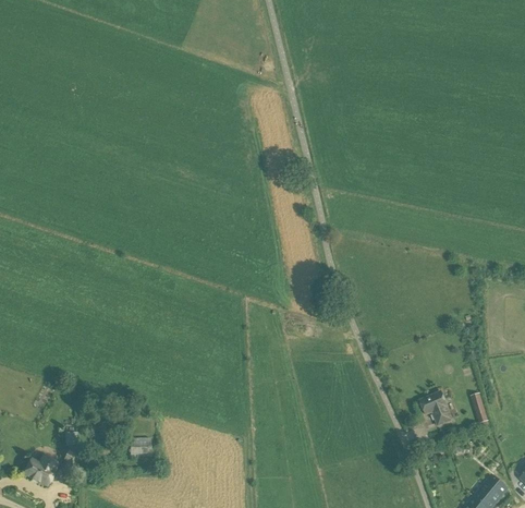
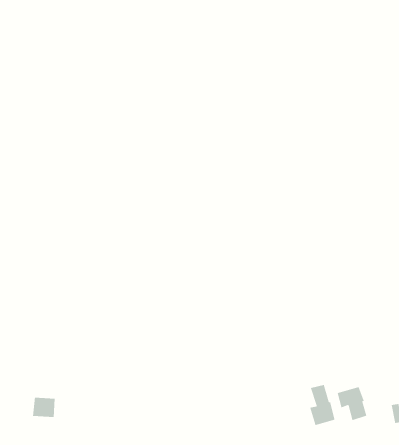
building: none -> [309,384,335,426]

